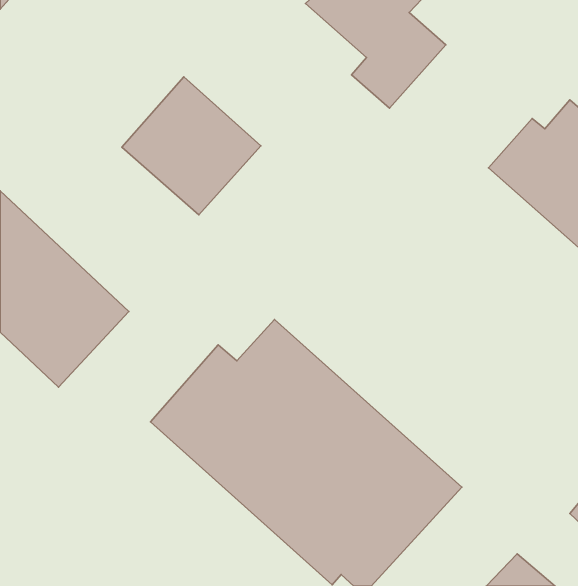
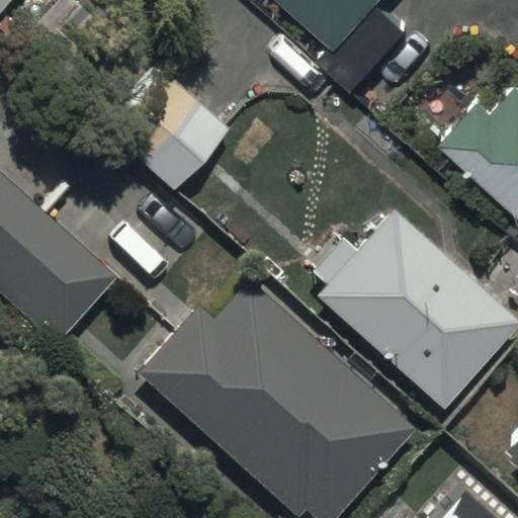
building: none -> [301,217,512,411]

